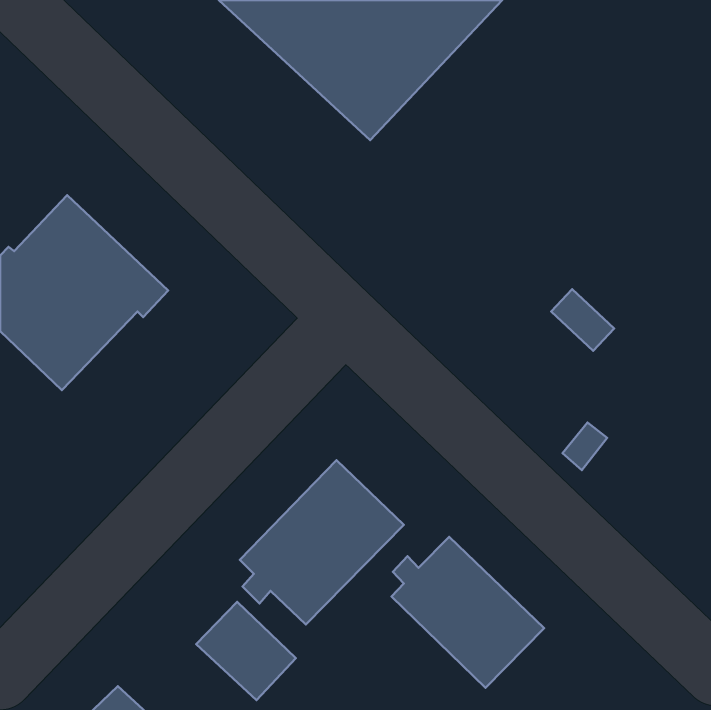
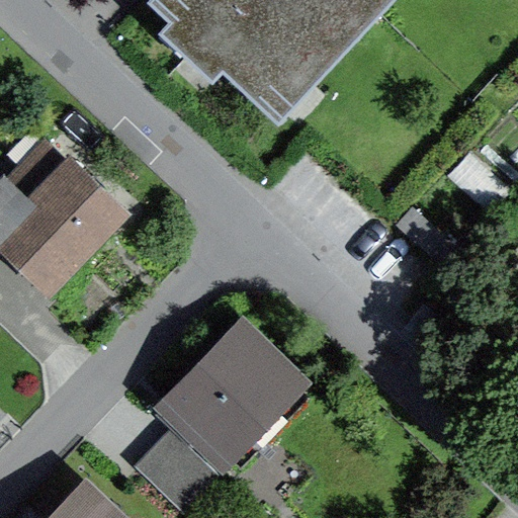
building: [392,537,544,688] -> none

